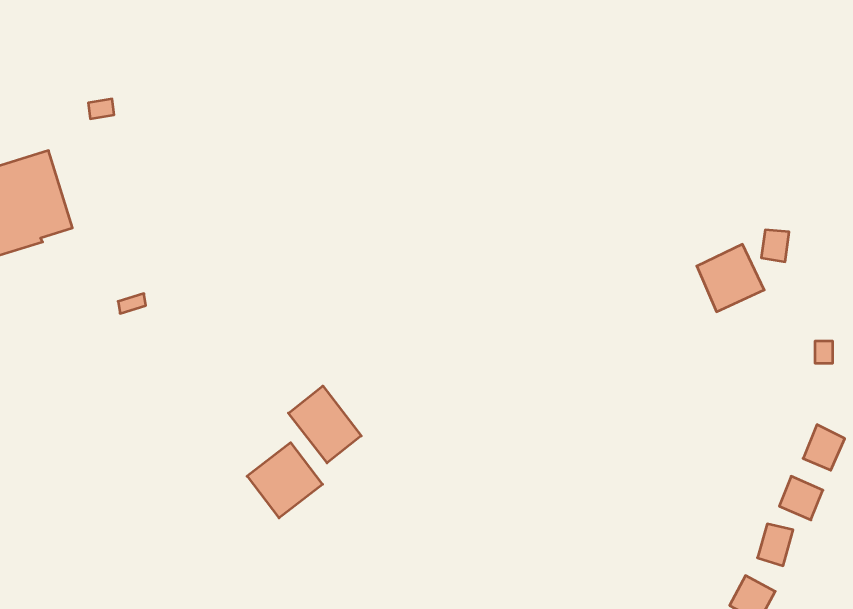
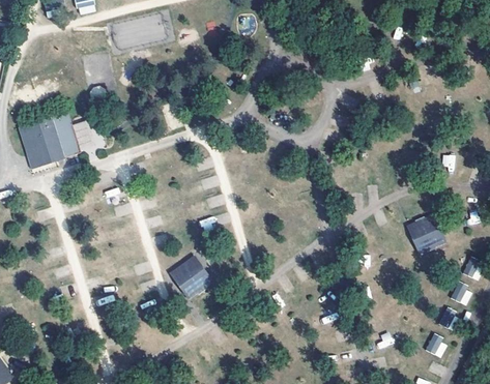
building: [697,244,764,312] -> [406,213,441,248]
building: [288,386,361,463] -> none

